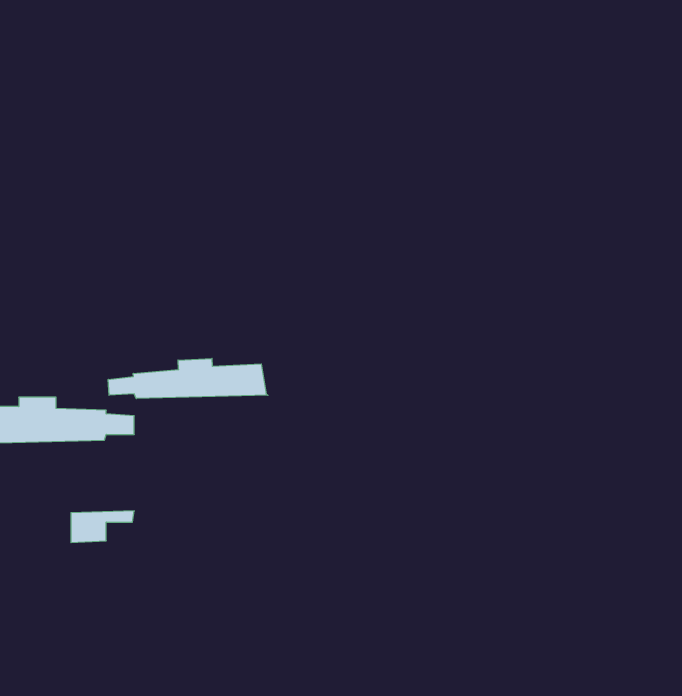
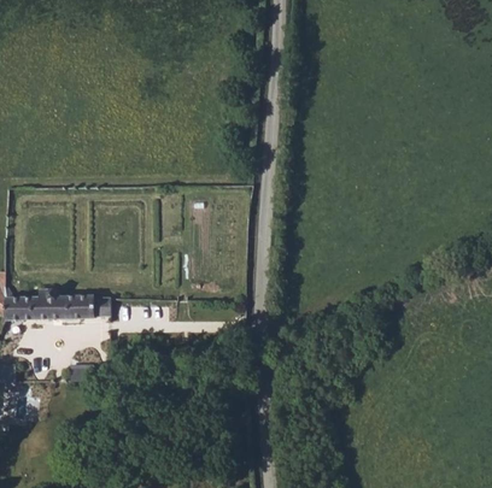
building: [108,358,268,399] -> none

